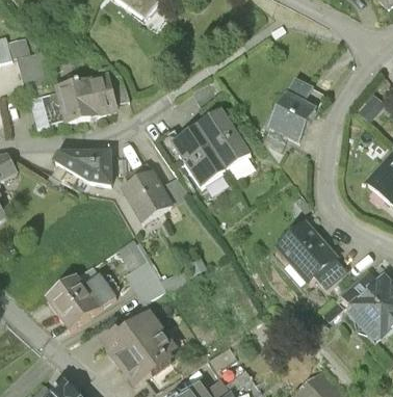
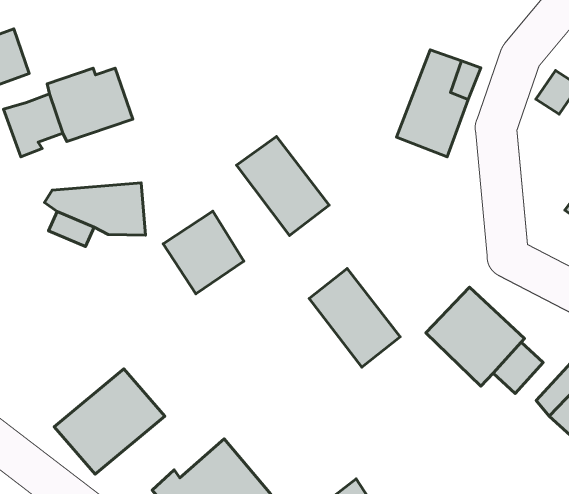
building: [195,109,250,170] -> [309,268,400,367]

